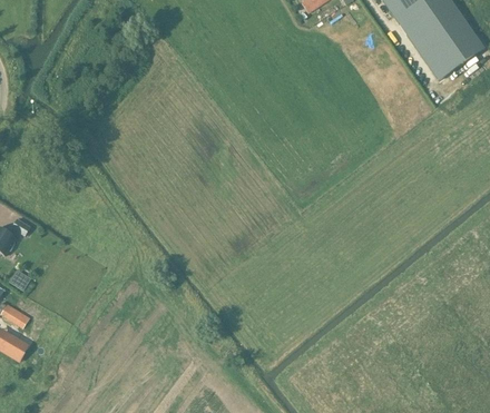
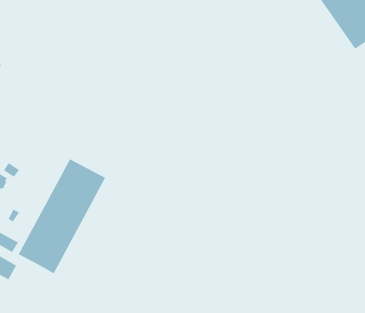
building: none -> [18,159,106,275]

